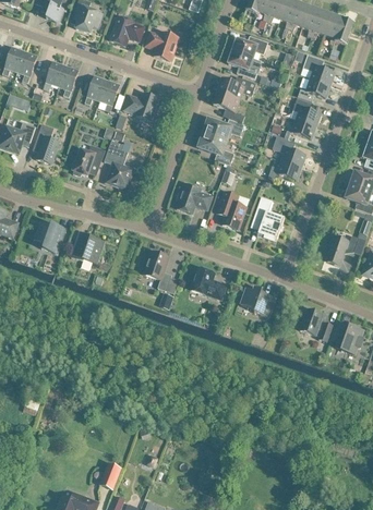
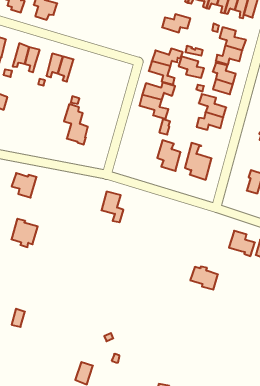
building: [109,15,144,45] -> none
building: [146,31,179,61] -> none
building: [228,50,260,78] -> [179,56,204,78]
building: [123,93,158,120] -> none
building: [36,123,59,163] -> none
building: [73,146,104,175] -> none
building: [177,183,213,214] -> none
building: [71,231,105,267] -> [11,219,38,247]
building: [190,267,226,299] -> none
building: [240,287,275,316] -> [190,267,218,290]

